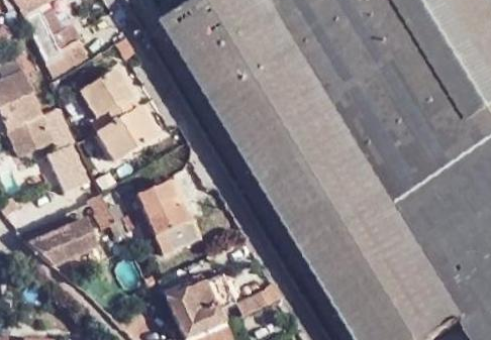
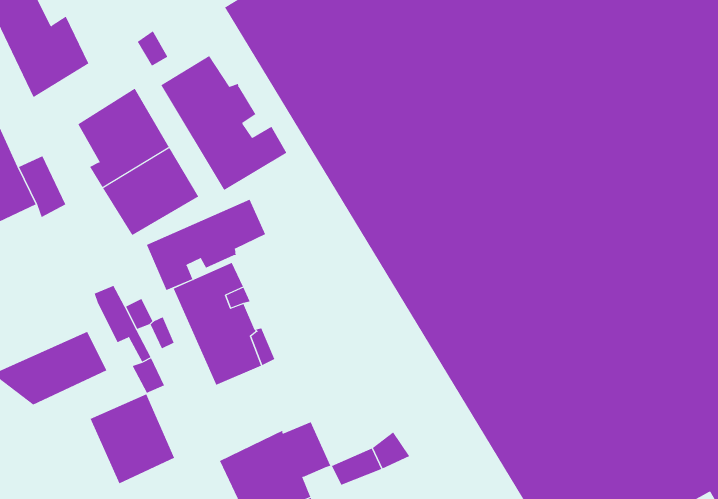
building: none -> [161,55,287,191]
building: none -> [146,199,266,291]
building: [44,140,89,191] -> none
building: none -> [90,394,175,484]

